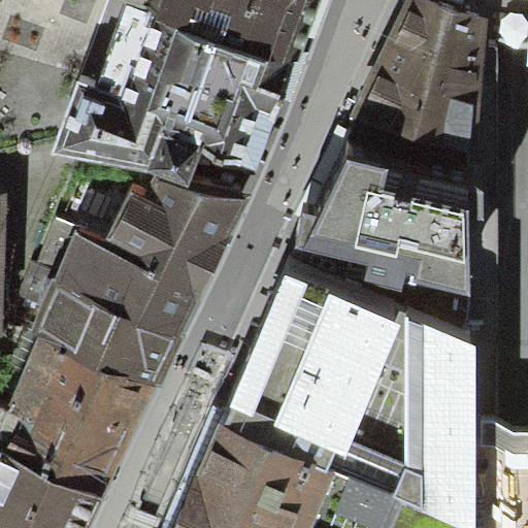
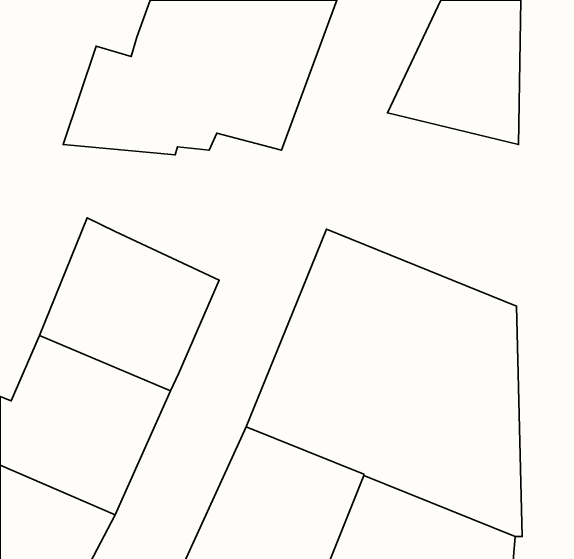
building: [301,120,476,296] -> none
building: [108,166,253,272] -> none

